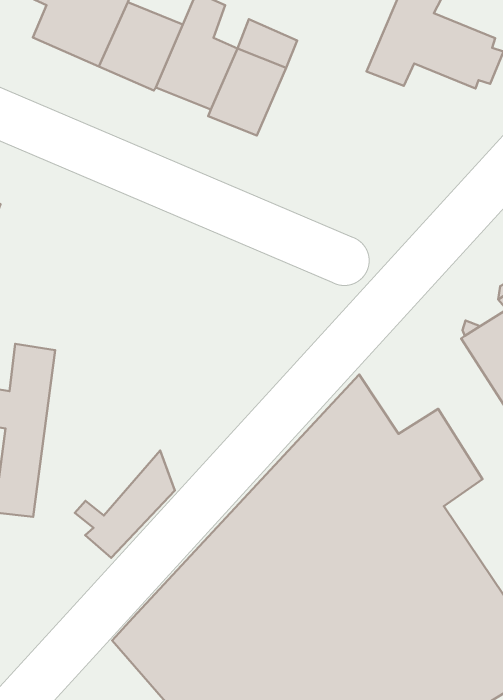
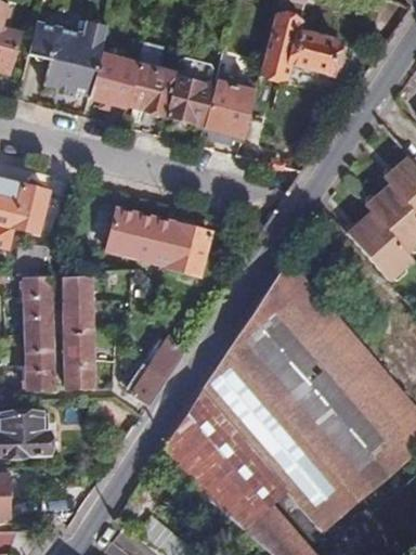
building: none -> [205,83,256,143]
building: none -> [102,210,206,275]

